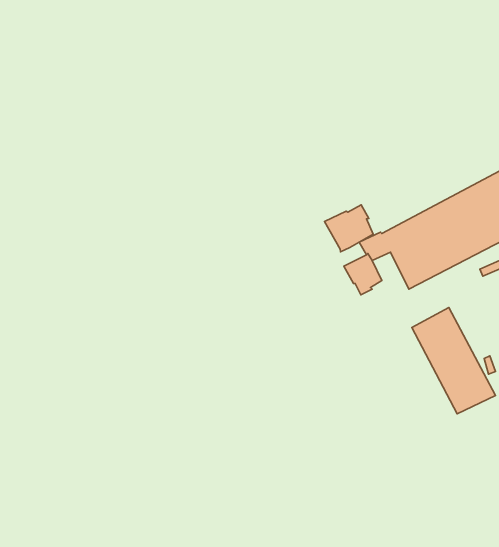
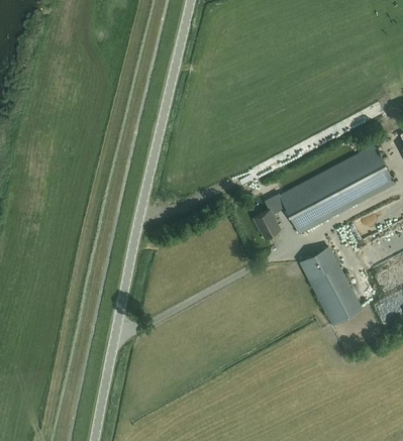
building: [325,205,373,252] -> none

